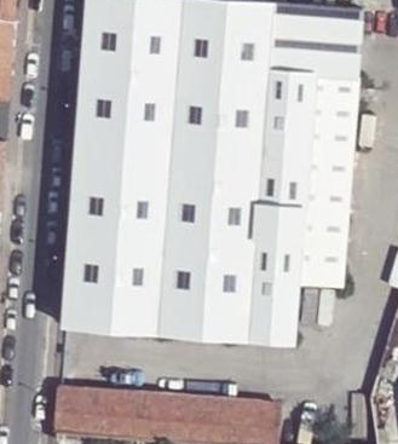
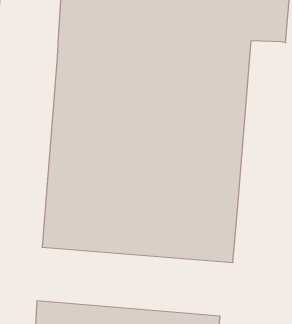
building: [298,75,353,286] -> none

